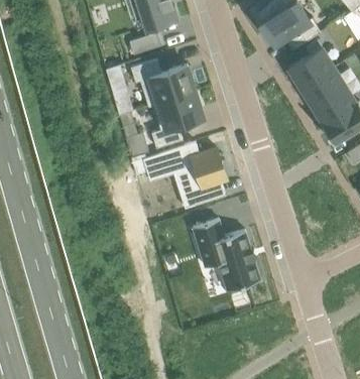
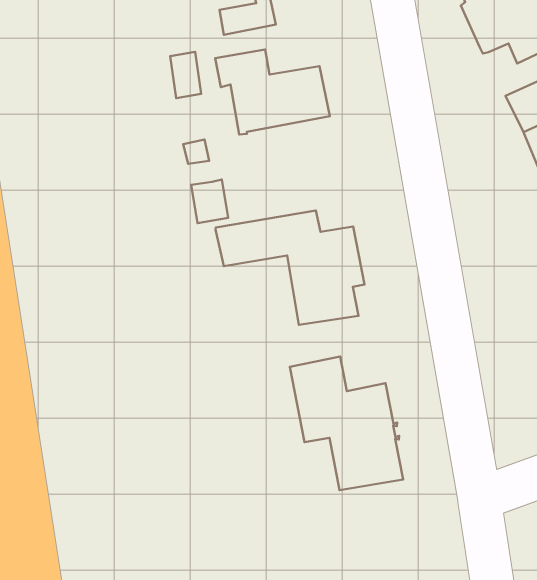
building: [151,91,204,148] -> none

